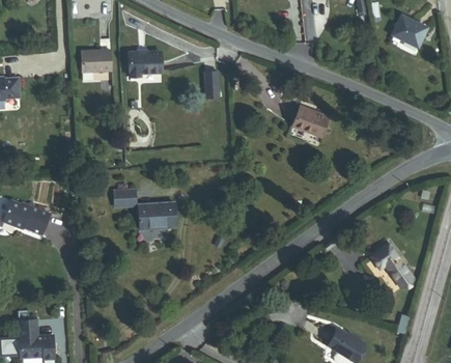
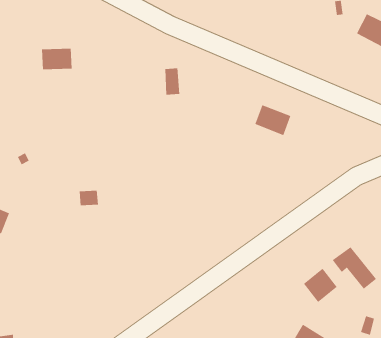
building: [130,54,161,78] -> none
building: [140,202,176,228] -> none
building: none -> [303,268,338,303]

